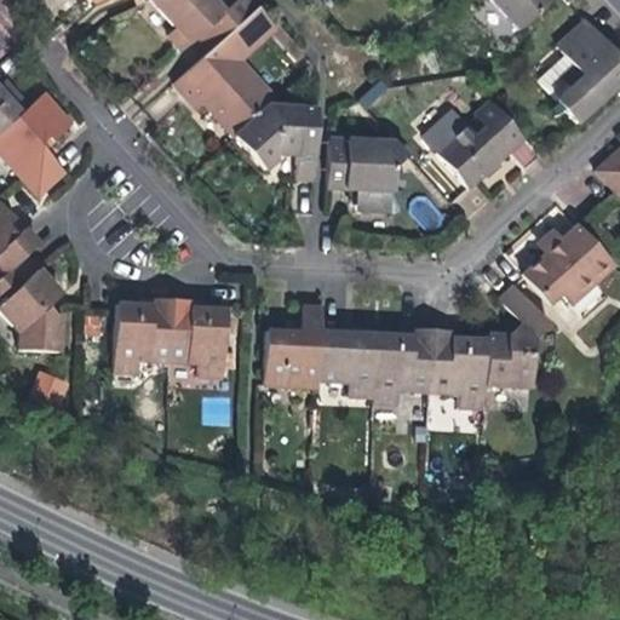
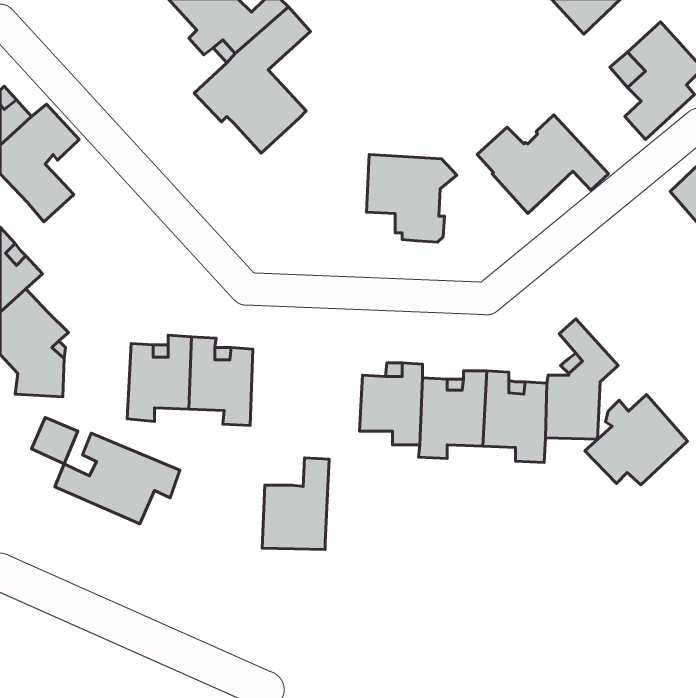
building: [234,104,318,178] -> none
building: [522,224,613,304] -> [585,395,687,485]
building: [265,306,325,388] -> [262,458,329,550]
building: none -> [55,433,180,524]

